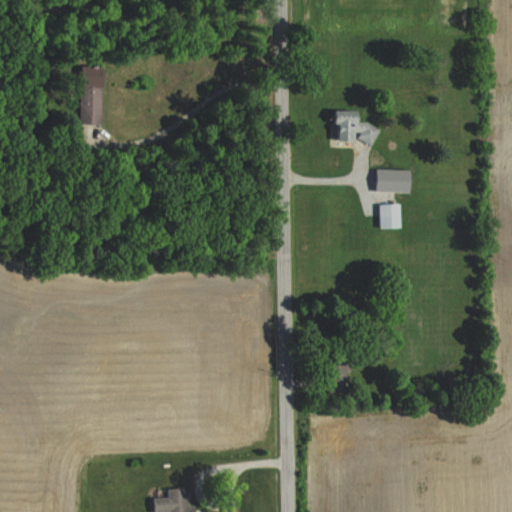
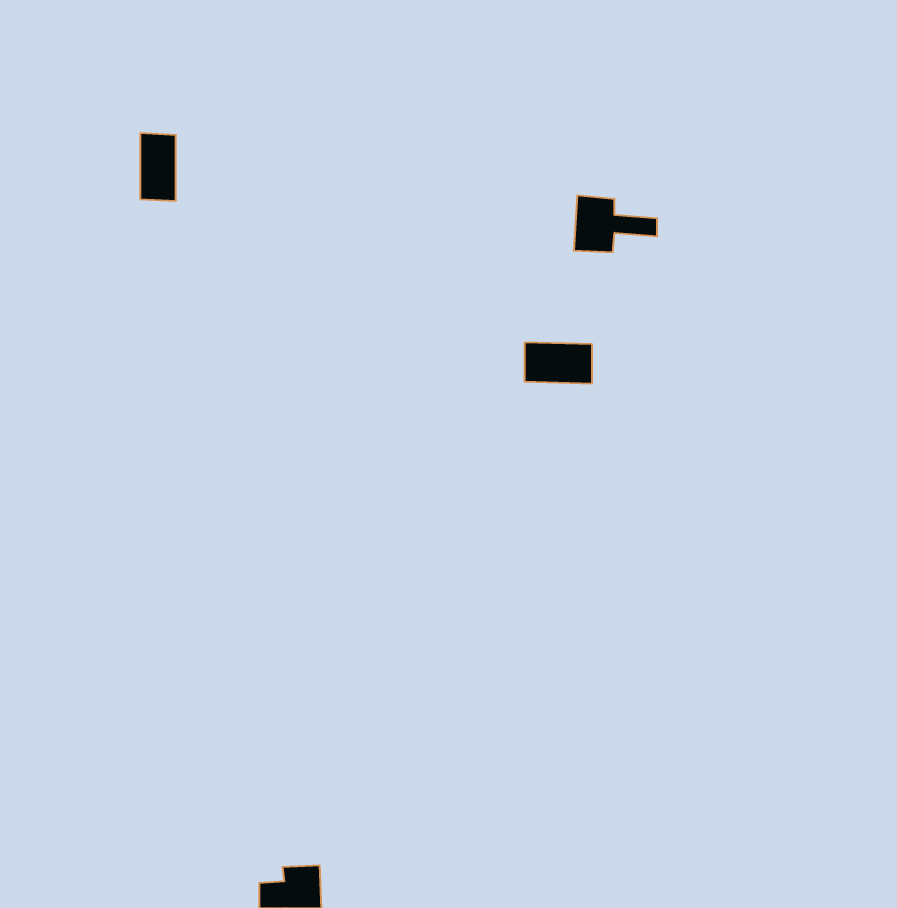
building: [374,169,412,192] -> [525,343,592,383]
building: [379,203,400,227] -> none

